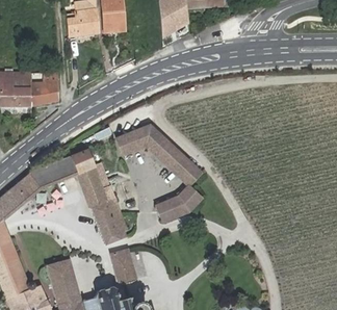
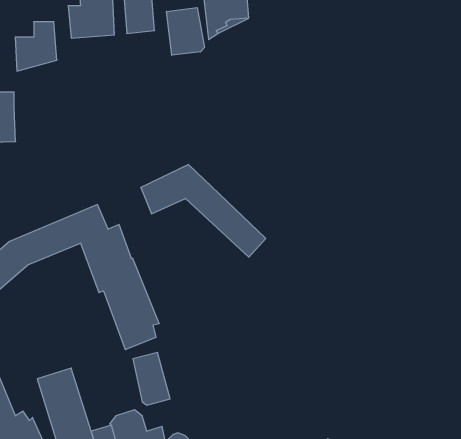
building: none -> [167,8,204,55]
building: [30,72,58,105] -> [15,22,57,71]
building: [156,183,202,222] -> none

